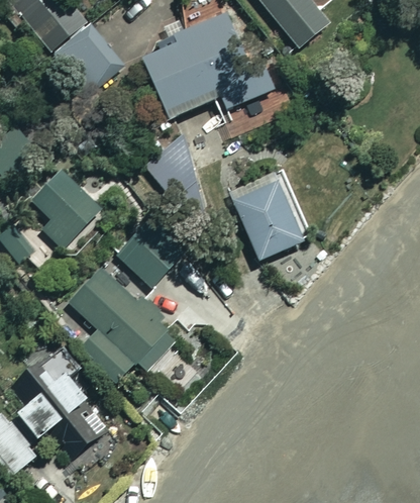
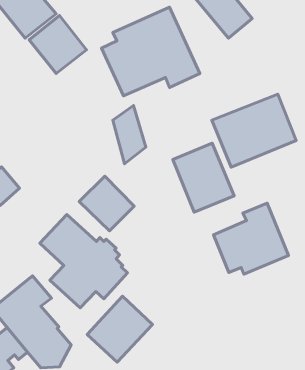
building: none -> [212,94,296,167]
building: [32,165,100,242] -> none
building: none -> [214,203,289,274]
building: none -> [87,296,152,362]

